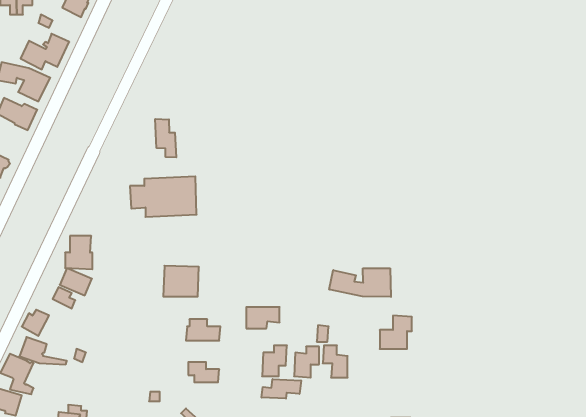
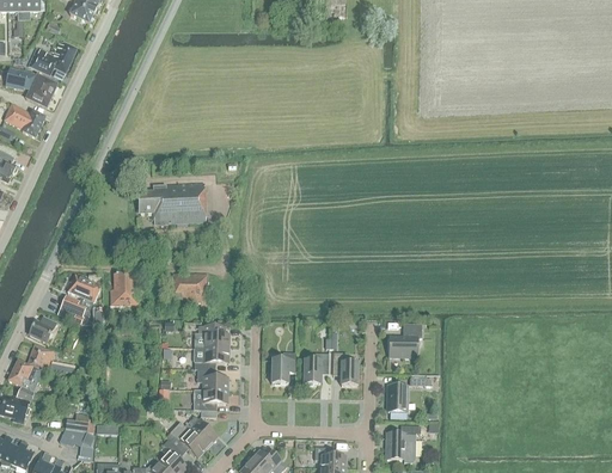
building: [155,119,176,157] -> none
building: [65,236,92,269] -> [109,271,136,305]
building: [329,268,391,297] -> none
building: [246,307,280,328] -> [194,346,227,368]
building: none -> [386,383,406,411]
building: [262,379,301,399] -> none
building: none -> [195,387,226,408]

